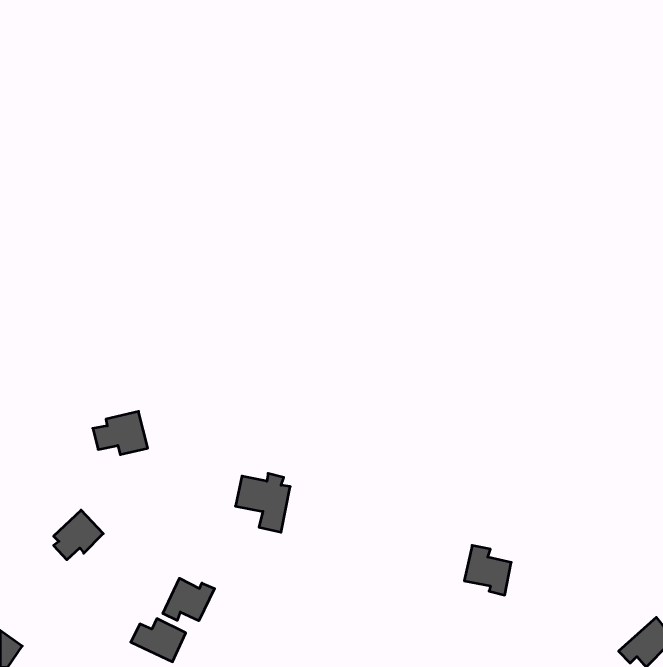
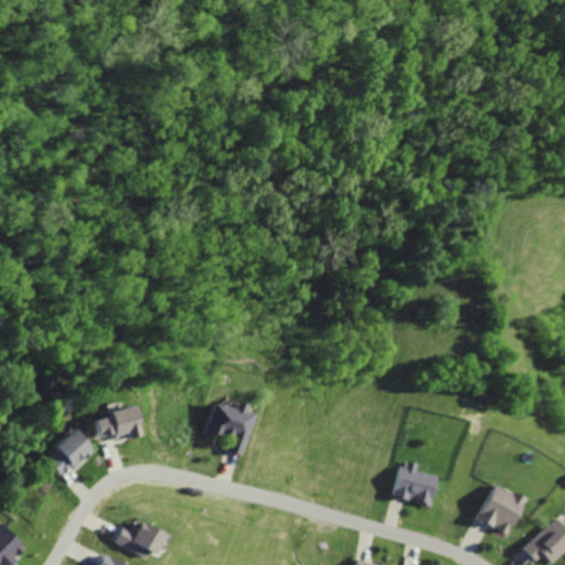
building: [93,411,148,455] -> [90,404,137,440]
building: none -> [479,487,527,533]
building: [163,578,215,621] -> none

